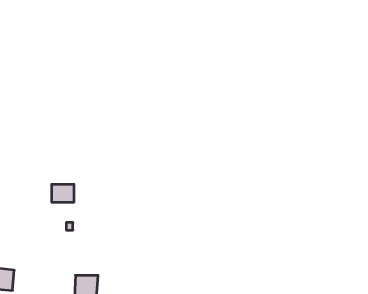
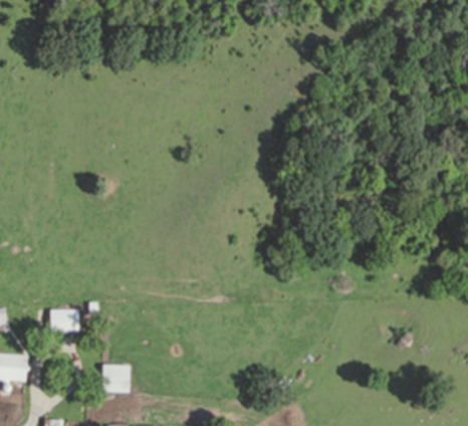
building: [52,184,74,202] -> [50,308,77,330]

